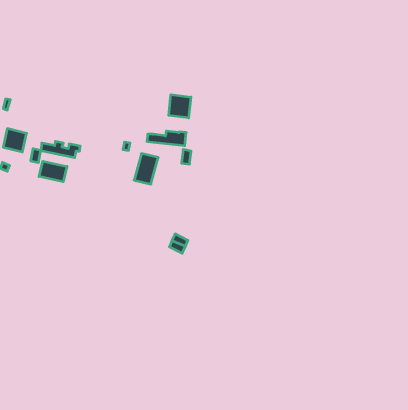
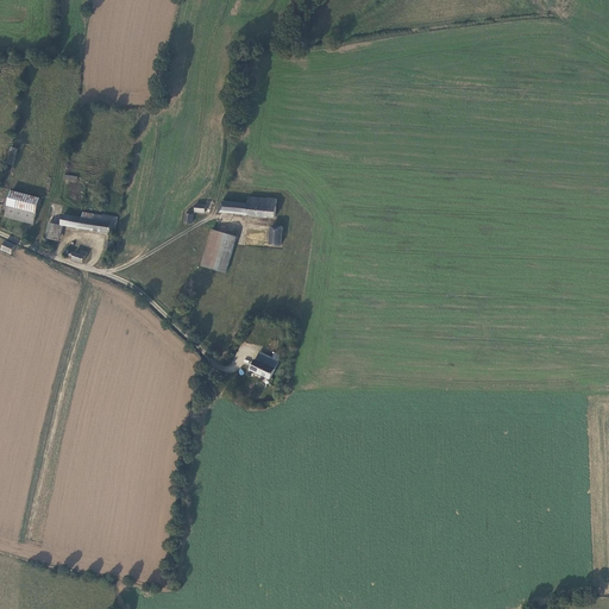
building: [169,95,191,118] -> none
building: [39,161,67,182] -> none

